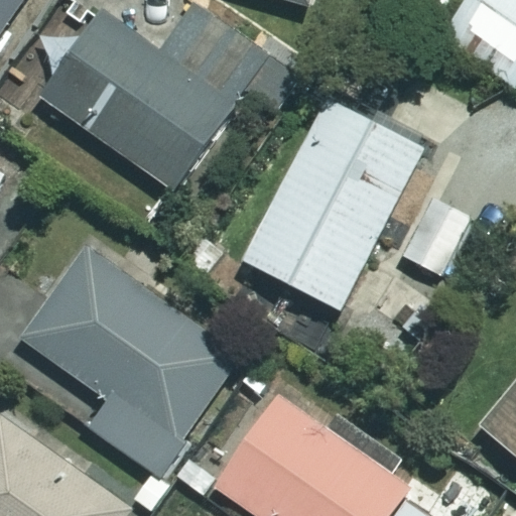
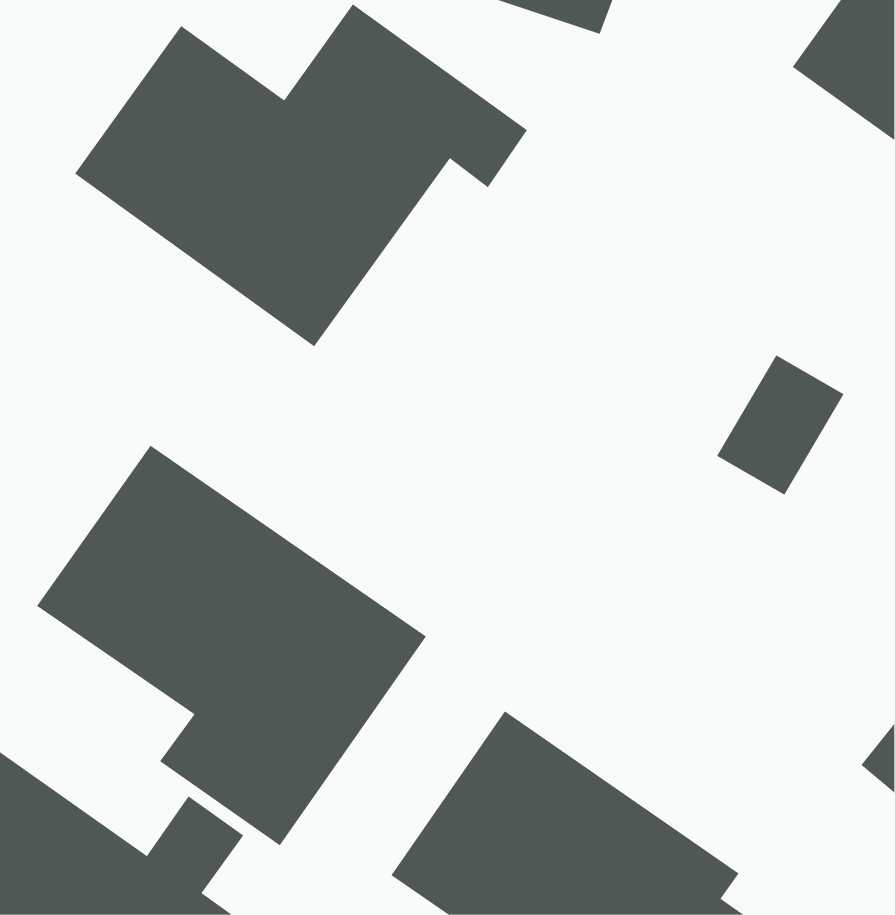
building: [245,100,424,310] -> none

